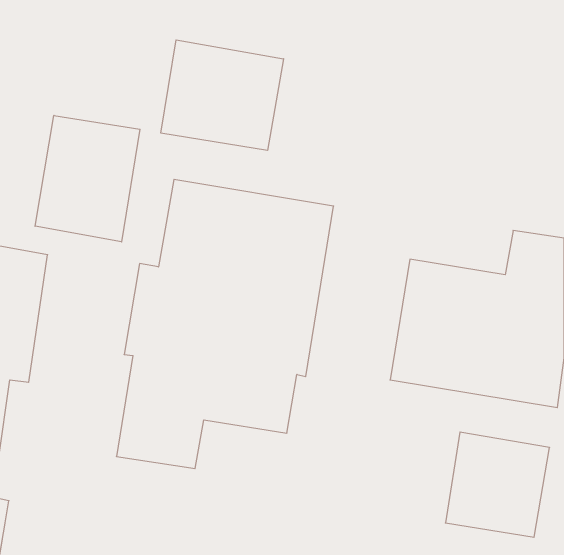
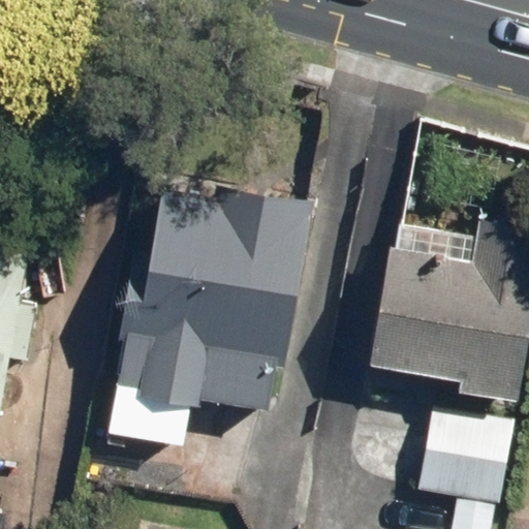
building: [161,40,284,150] -> none
building: [35,115,140,242] -> none

